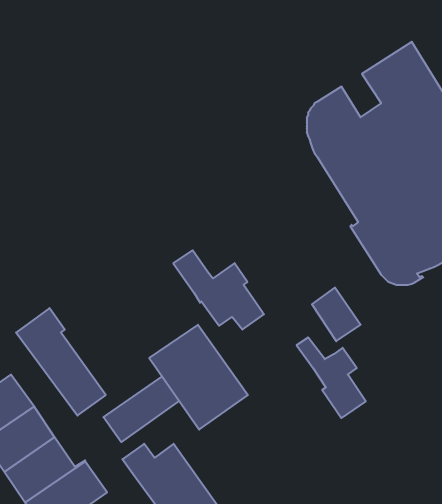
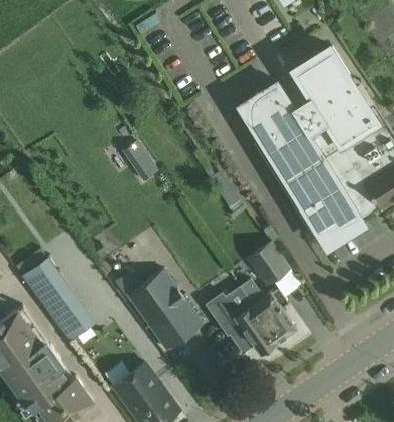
building: none -> [123,140,157,179]
building: [173,250,264,330] -> [206,293,277,355]
building: [103,376,179,442] -> none

